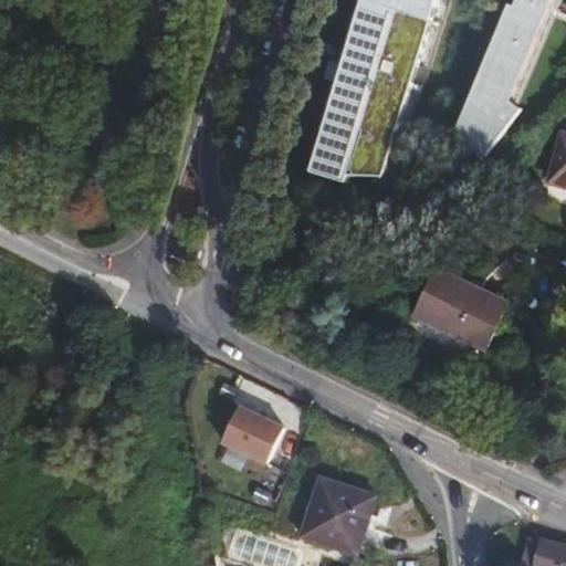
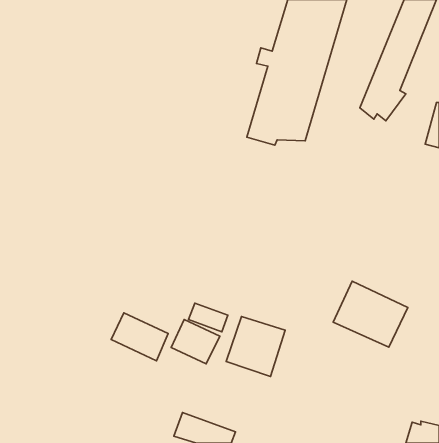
building: [408,266,503,350] -> [333,281,408,347]
building: none -> [111,313,168,361]
building: [296,478,371,554] -> [226,316,285,376]

